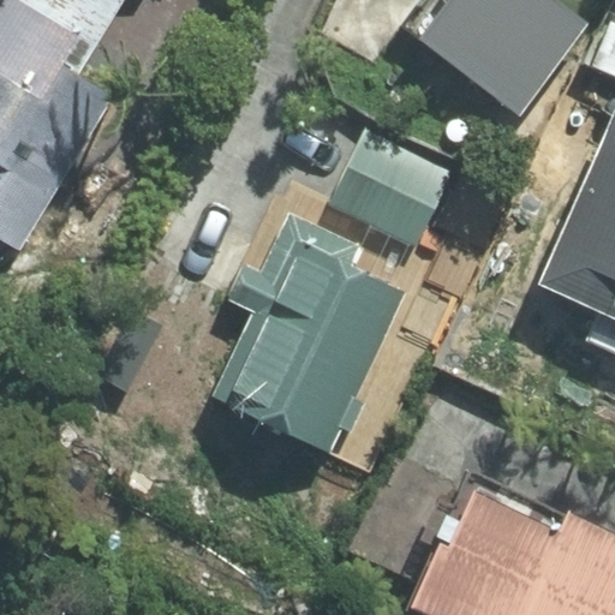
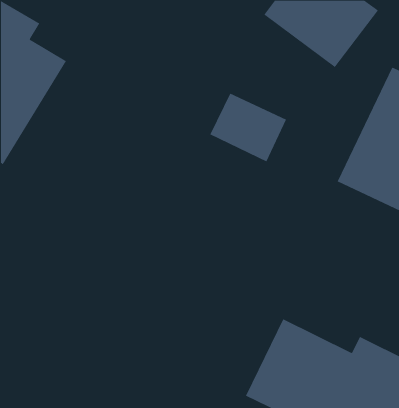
building: [203,217,399,444] -> none

